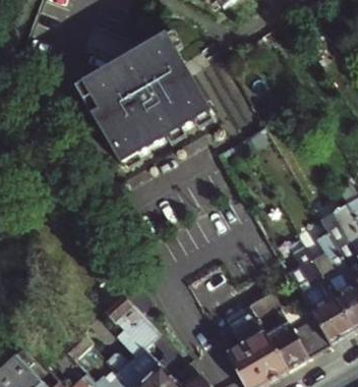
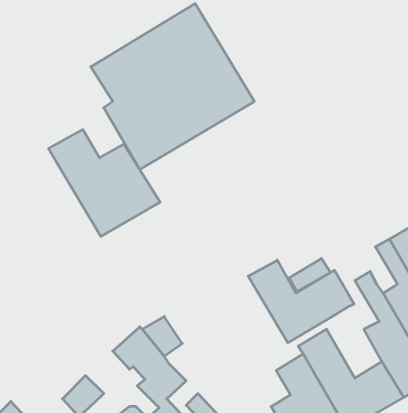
building: none -> [49,130,160,236]
building: none -> [248,260,354,343]

